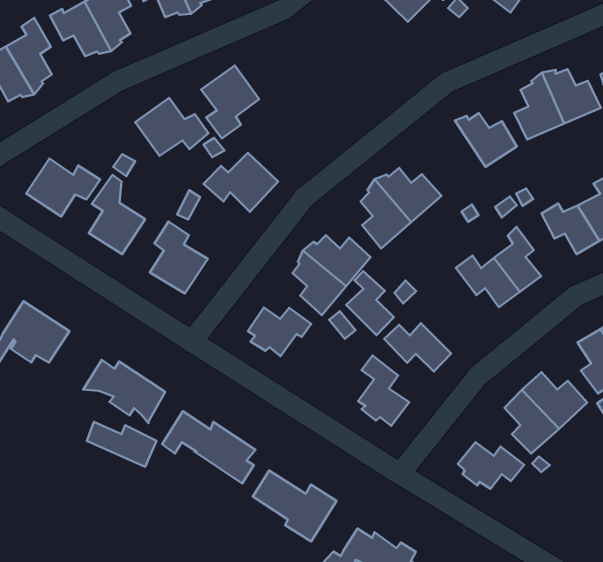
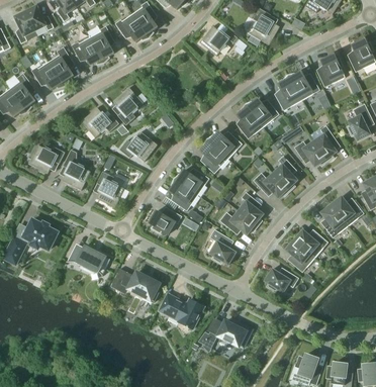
building: none -> [237,104,263,138]
building: [346,271,394,335] -> [238,192,263,224]
building: [87,422,157,467] -> none

